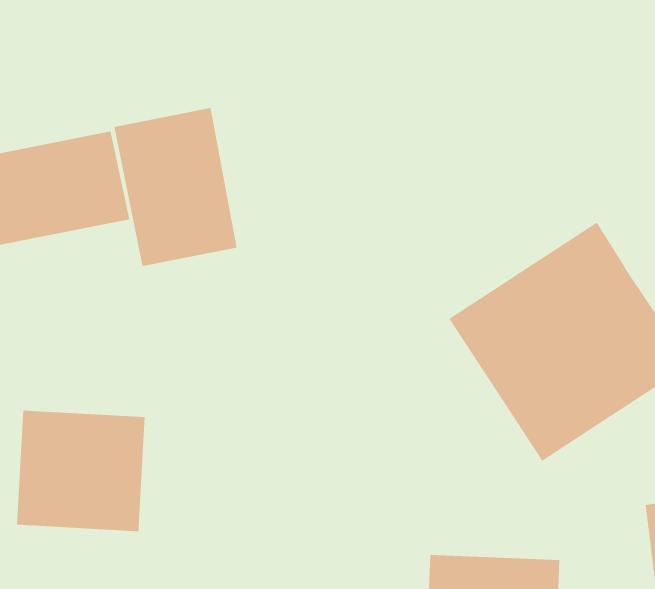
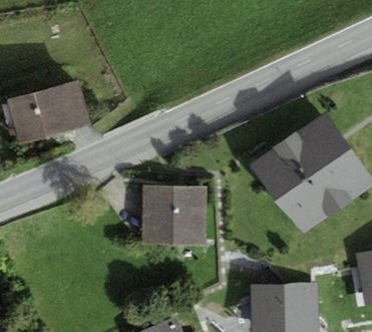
building: [114,107,237,267] -> none
building: [16,410,146,532] -> [140,187,203,245]

